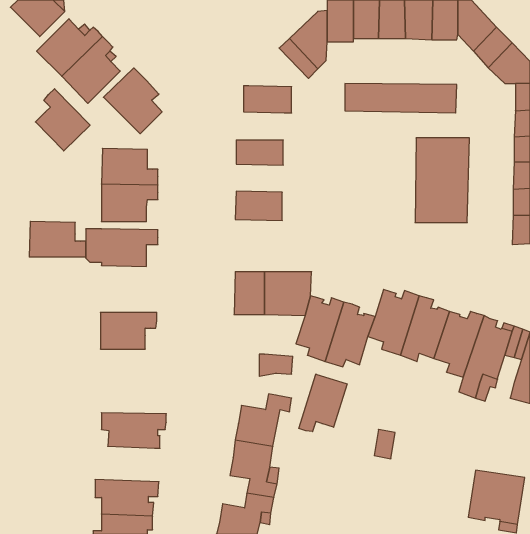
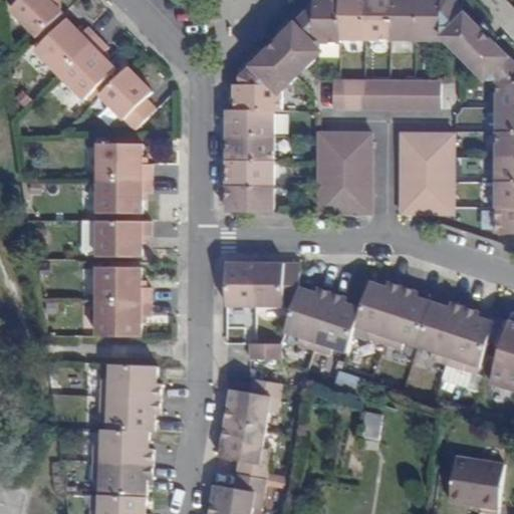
building: none -> [239,46,296,83]
building: [35,89,90,151] -> none
building: none -> [227,107,273,135]
building: none -> [316,131,369,213]
building: none -> [227,158,272,185]
building: [29,221,86,257] -> [96,266,151,300]
building: [299,374,347,432] -> none
building: none -> [97,362,160,398]
building: none -> [91,429,153,463]

